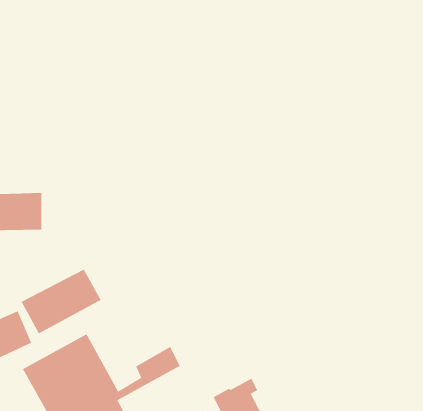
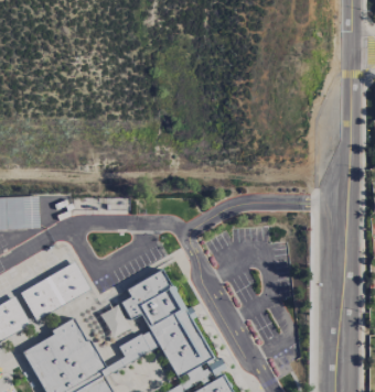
building: none -> [100,269,213,377]

